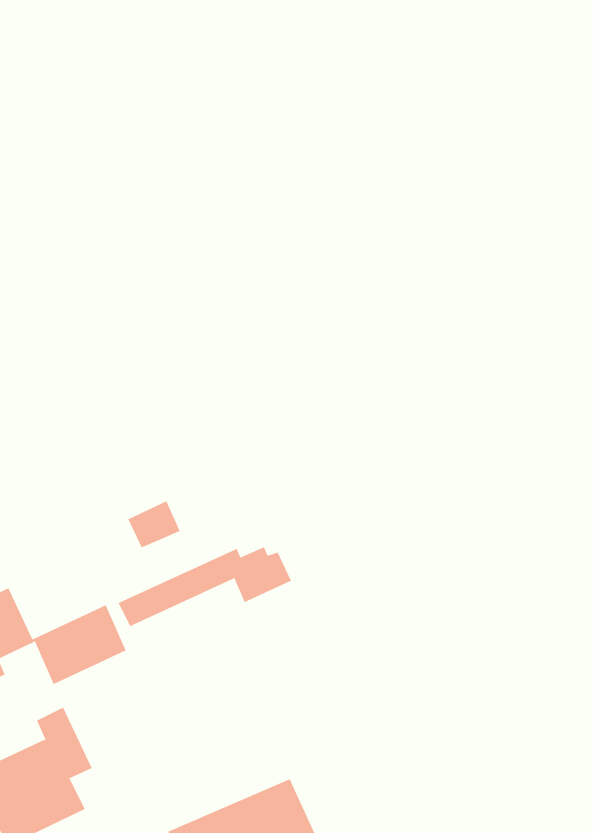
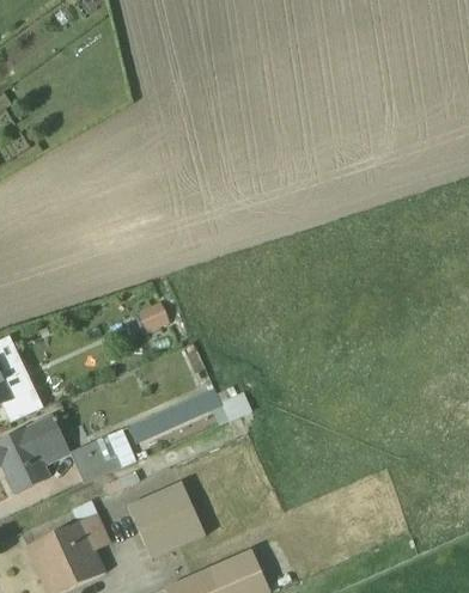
building: [128,501,180,548] -> [132,301,169,335]
building: none -> [127,479,206,560]

